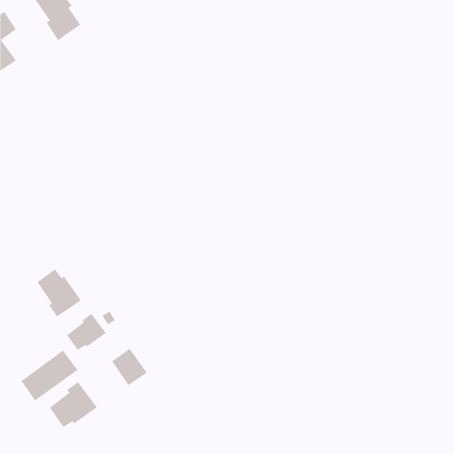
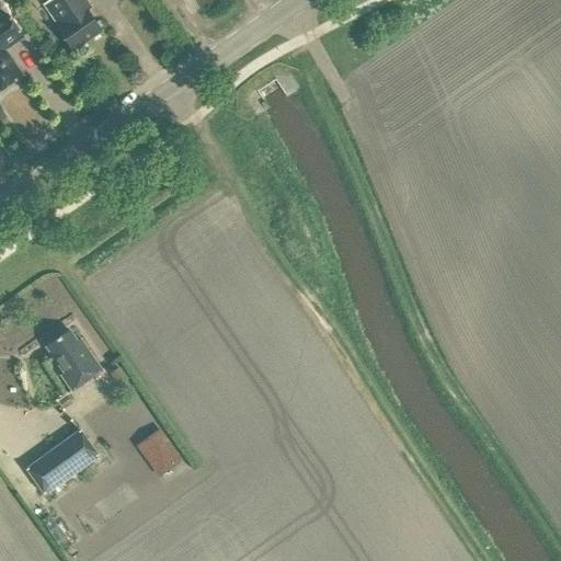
building: [66,313,107,351] -> none
building: [49,381,98,428] -> none

